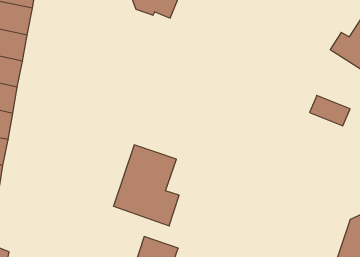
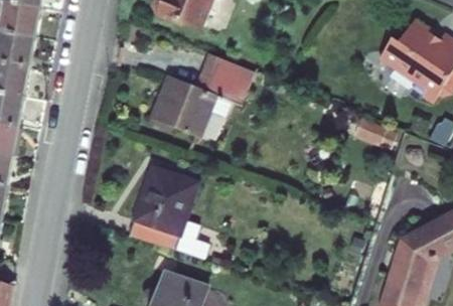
building: none -> [151,54,253,138]

